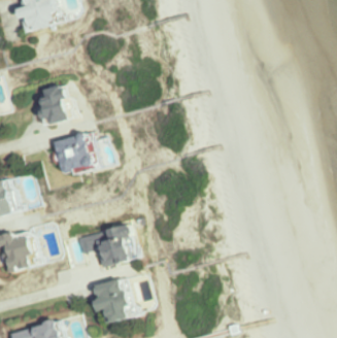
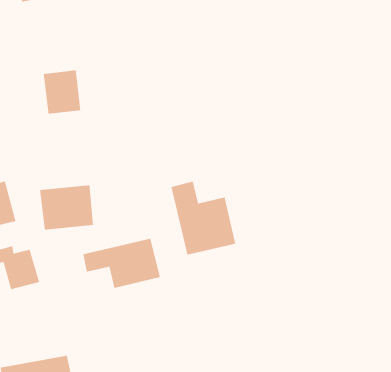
building: [50,134,96,172] -> [39,184,94,231]
building: none -> [171,180,236,255]
building: [91,277,133,324] -> none

